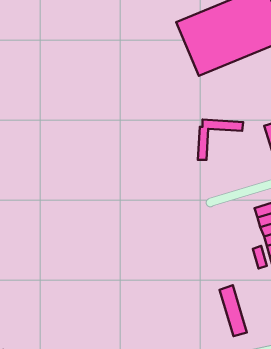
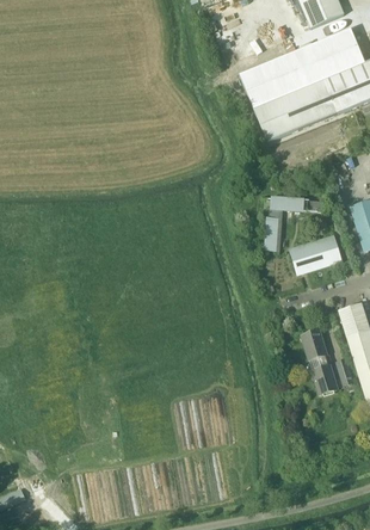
building: none -> [291,236,339,271]
building: [219,285,247,336] -> [302,329,337,394]

